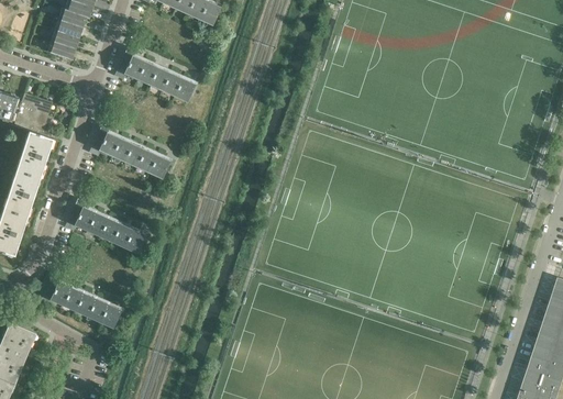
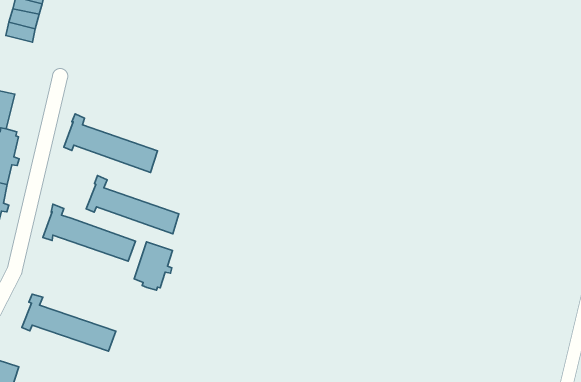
building: [115,45,194,100] -> [86,175,179,234]
building: none -> [134,242,172,290]

